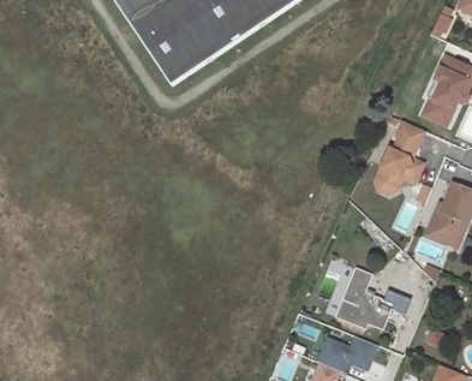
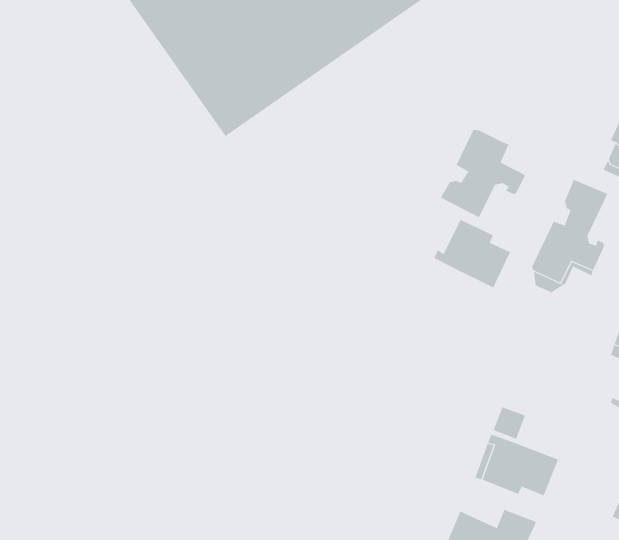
building: none -> [440,129,526,218]
building: none -> [433,219,511,288]

